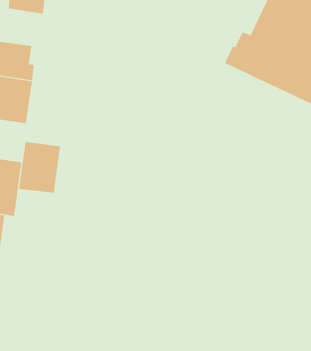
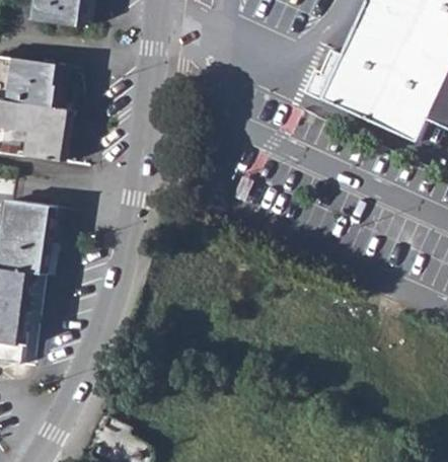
building: [19,141,61,194] -> none

